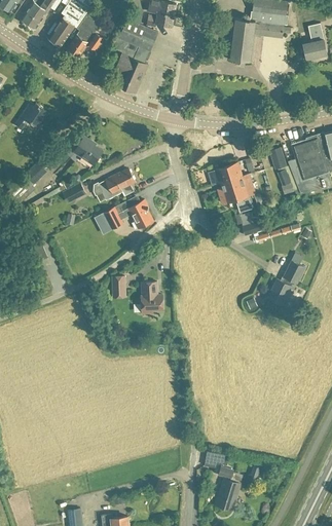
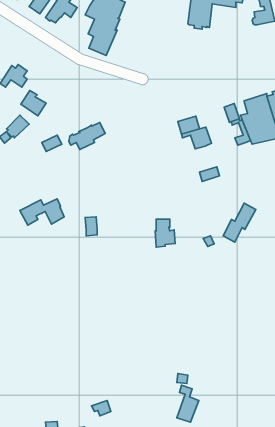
building: [74,137,103,165] -> [21,90,46,116]
building: [218,184,252,213] -> none
building: [103,200,153,230] -> [20,199,64,225]
building: [141,283,163,314] -> [155,219,175,247]

